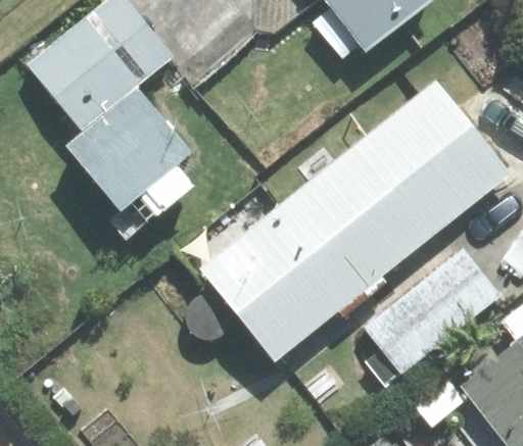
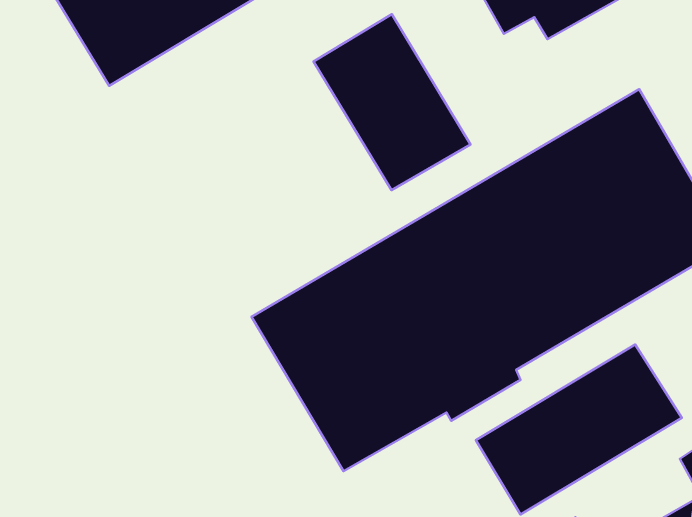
building: none -> [314,14,471,190]
building: [70,94,197,230] -> none

